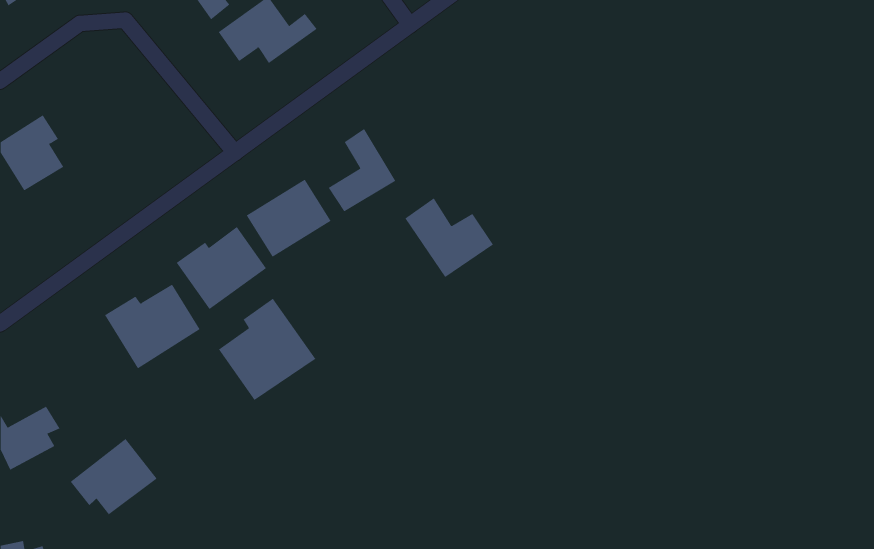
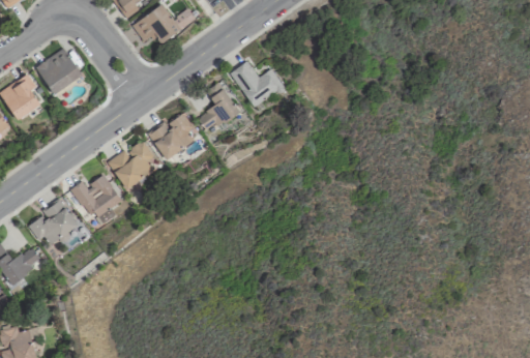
building: none -> [37,48,82,92]
building: [405,197,494,278] -> [231,60,284,108]
building: [218,298,316,401] -> none
building: [70,438,157,515] -> [28,200,80,245]

